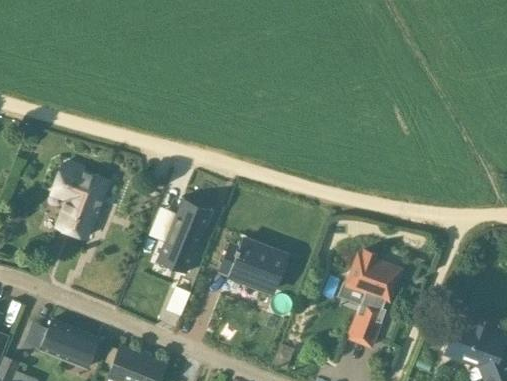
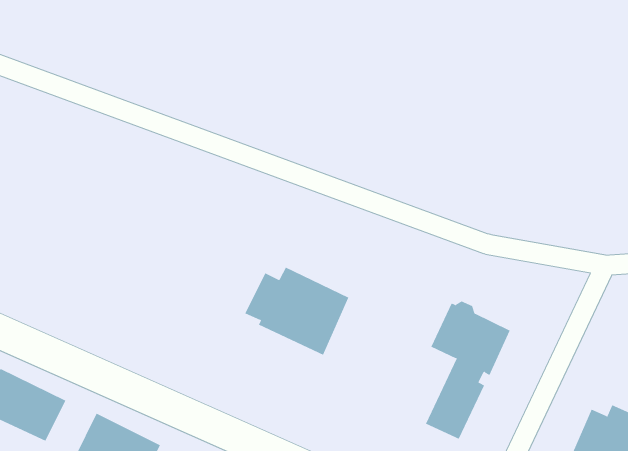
building: [51,165,106,239] -> none
building: [157,202,210,273] -> none

